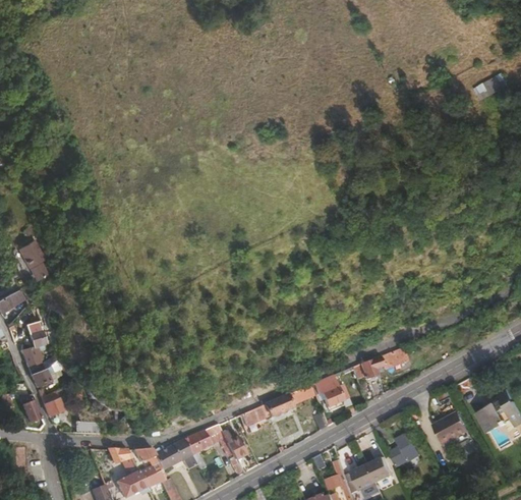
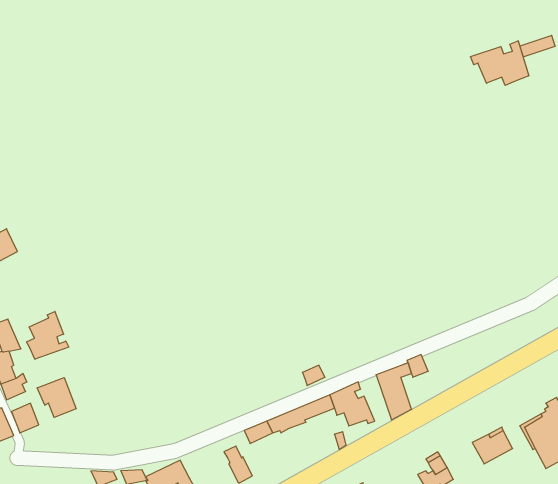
building: none -> [470,41,529,85]
building: none -> [27,311,69,359]
building: none -> [37,378,76,417]
building: [184,425,225,455] -> none

